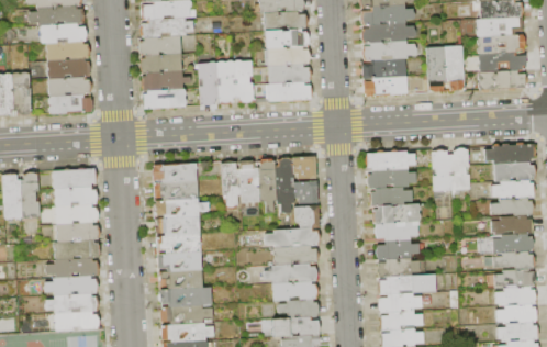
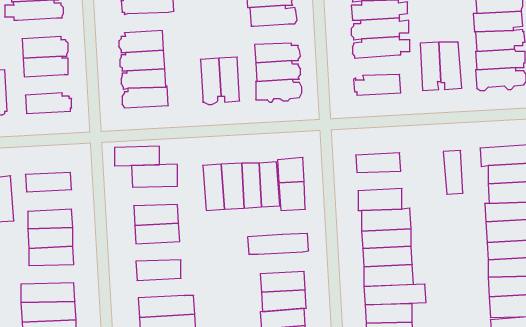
building: [141,18,196,37] -> none
building: [43,23,89,43] -> none
building: [268,29,312,48] -> none
building: [362,58,408,79] -> none
building: [200,63,220,105] -> none
building: [49,77,94,97] -> none
building: [431,150,453,192] -> none
building: [367,169,410,188] -> none
building: [153,183,196,202] -> [115,146,159,166]
building: [52,187,94,208] -> none
building: [294,205,320,230] -> none
building: [156,236,199,255] -> none
building: [272,246,316,267] -> none
building: [45,258,97,277] -> none
building: [157,271,202,290] -> none

